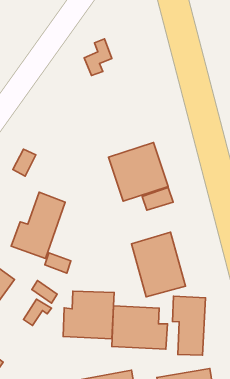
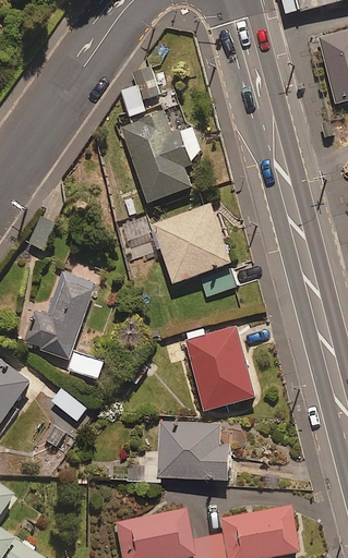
building: none -> [120,111,203,203]
building: [63,291,114,339] -> none
building: [172,296,206,355] -> none

